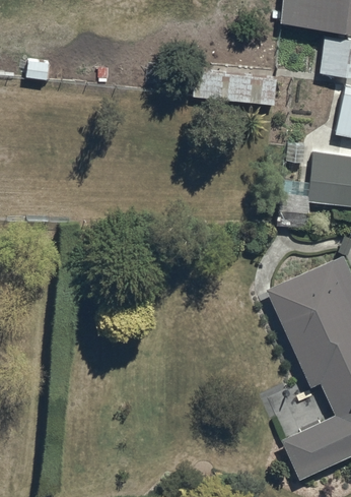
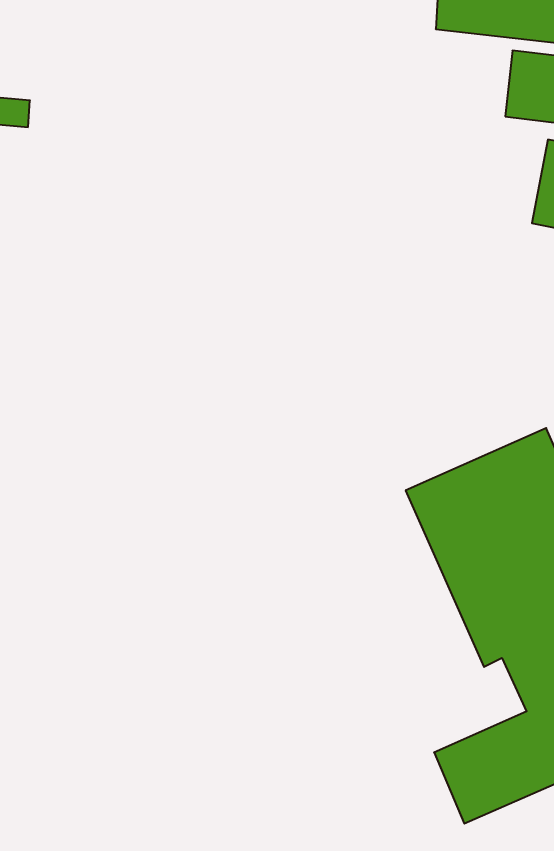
building: [190,70,274,105] -> none
building: [278,152,343,230] -> none

